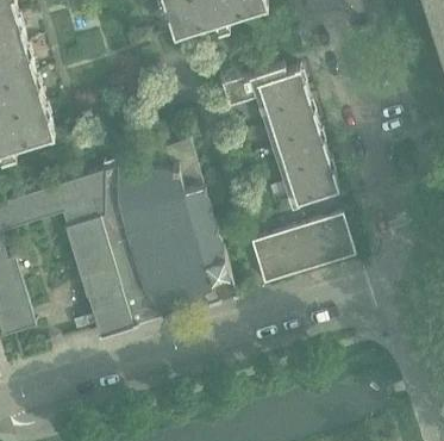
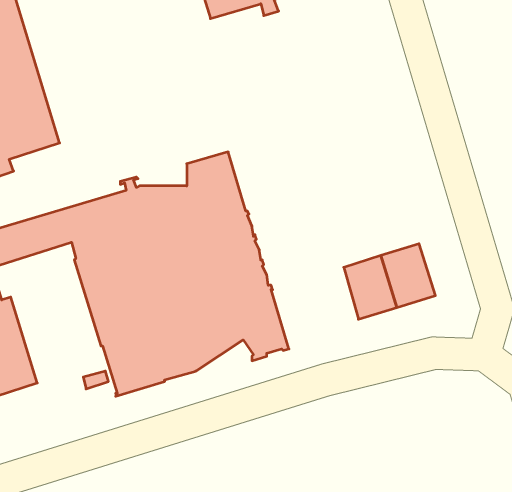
building: [219,67,337,213] -> none
building: [249,235,292,286] -> none

